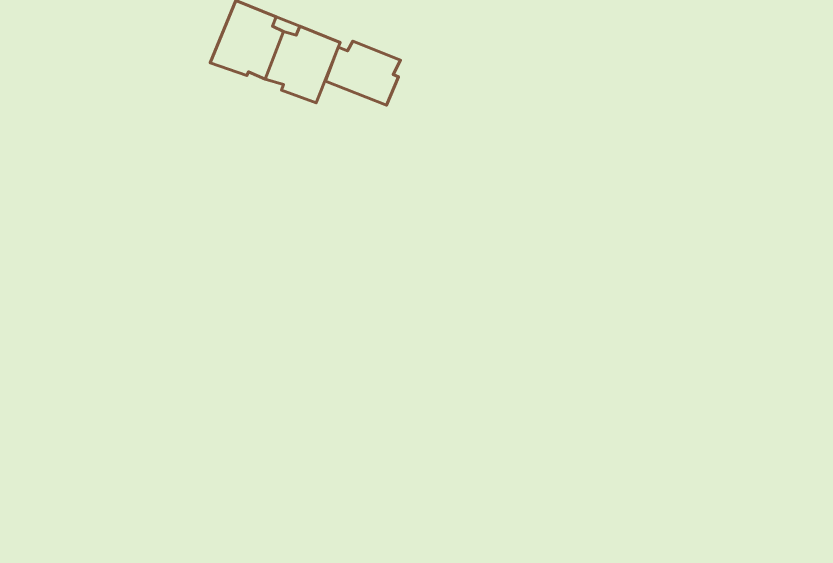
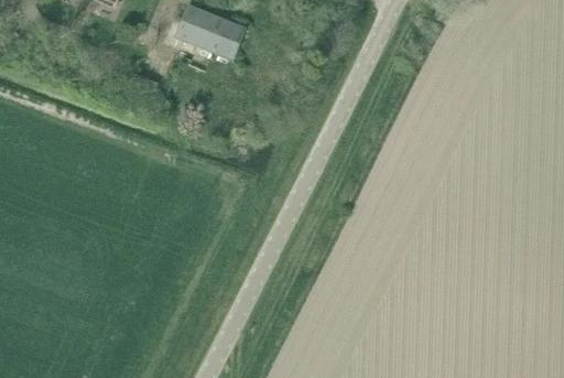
building: [326,41,401,105] -> none

